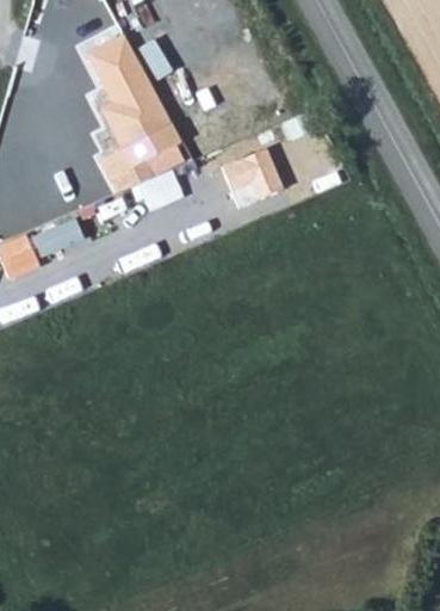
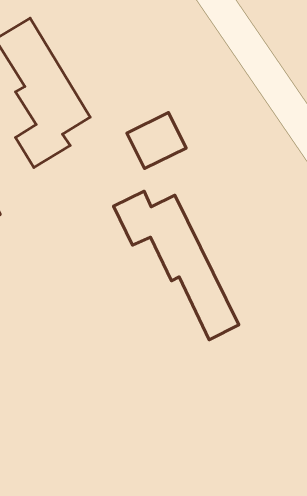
building: none -> [113,191,239,340]

